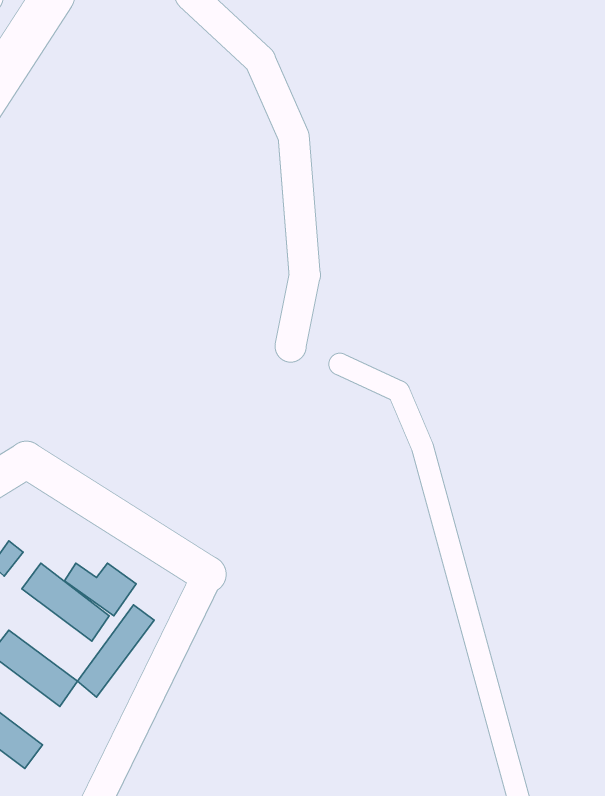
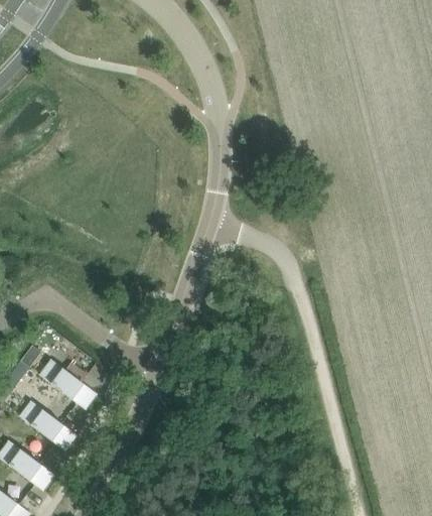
building: [77,605,154,697] -> none

